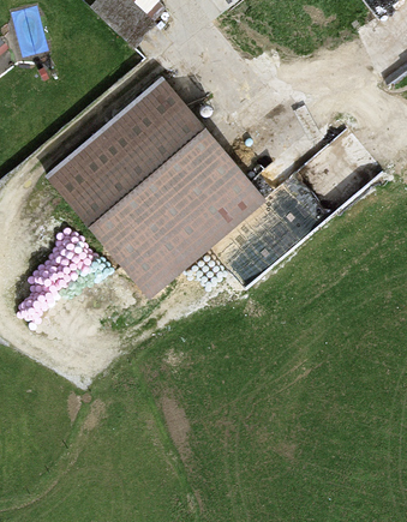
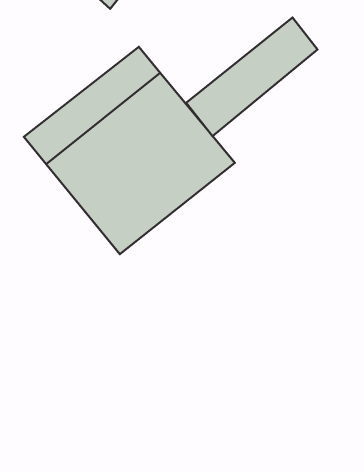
building: none -> [186,18,318,136]

